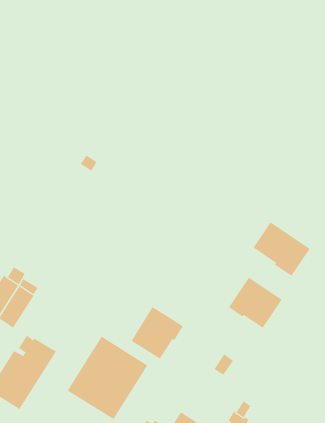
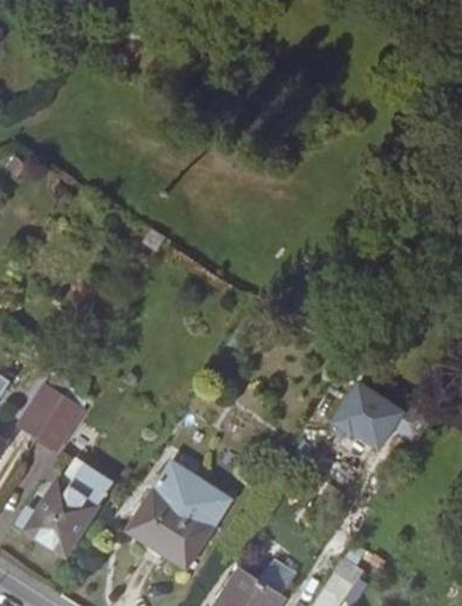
building: [253,221,311,276] -> none
building: [131,306,184,359] -> none

